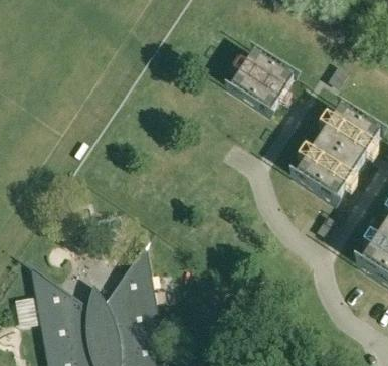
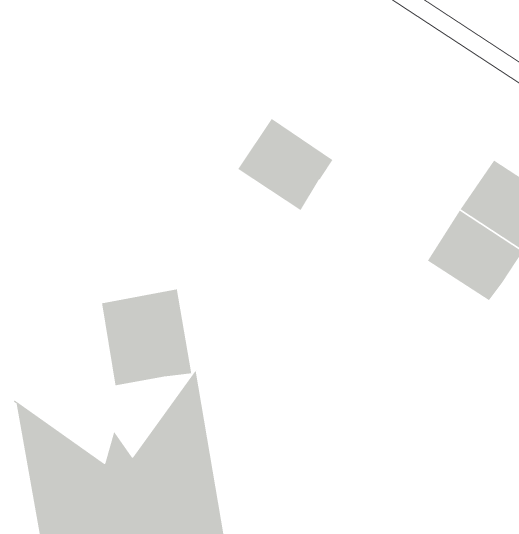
building: [228,48,290,109] -> [237,118,334,211]
building: none -> [101,288,192,386]

